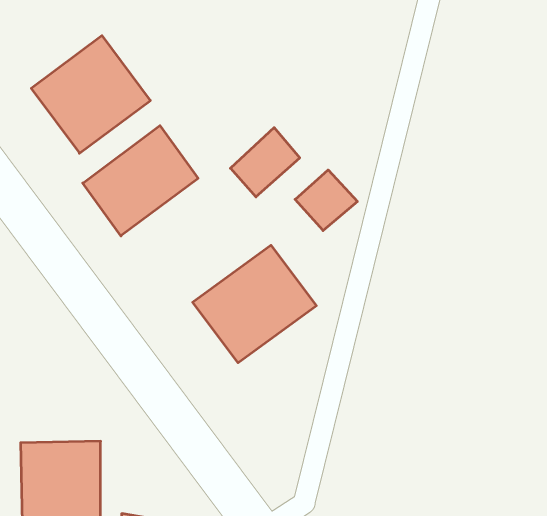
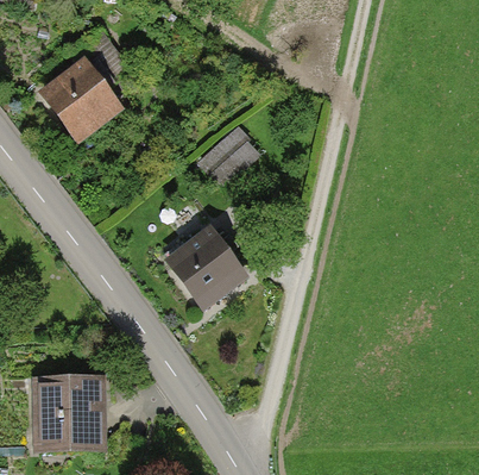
building: [83,126,198,236] -> none
building: [295,170,357,231] -> none

